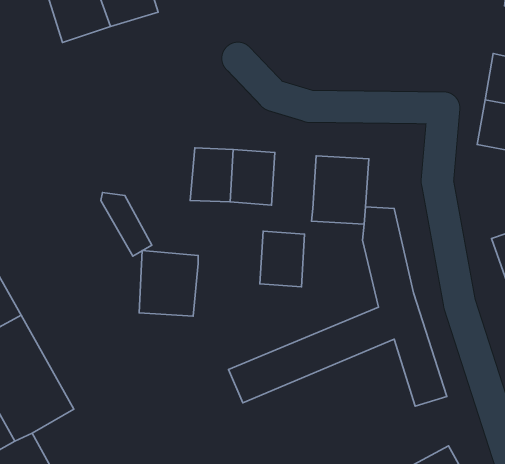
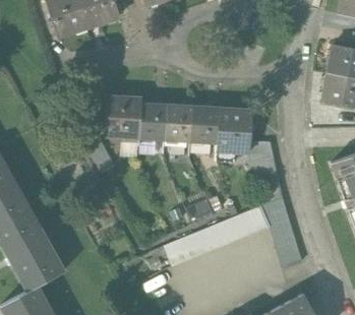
building: [260,231,305,287] -> [191,108,220,143]
building: [139,251,198,316] -> [105,97,142,138]

